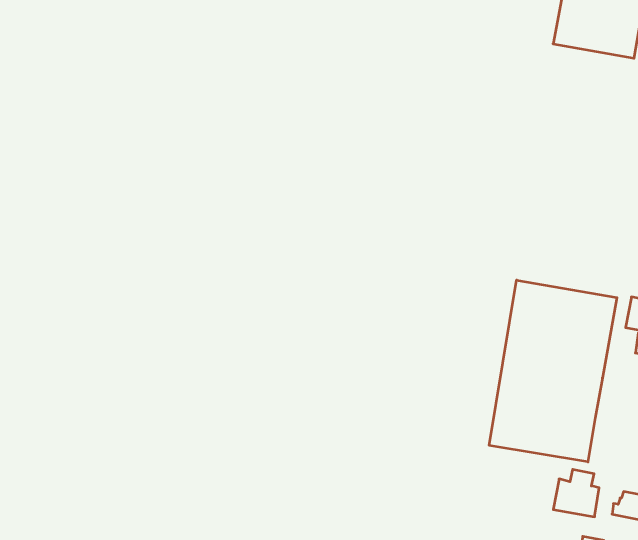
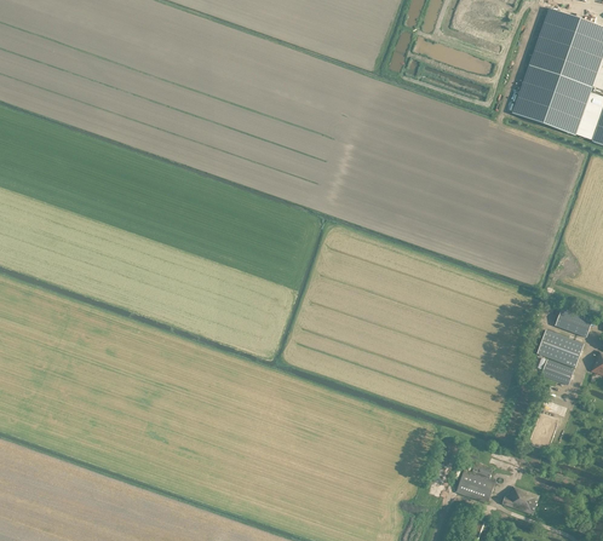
building: [489,280,617,462] -> none

